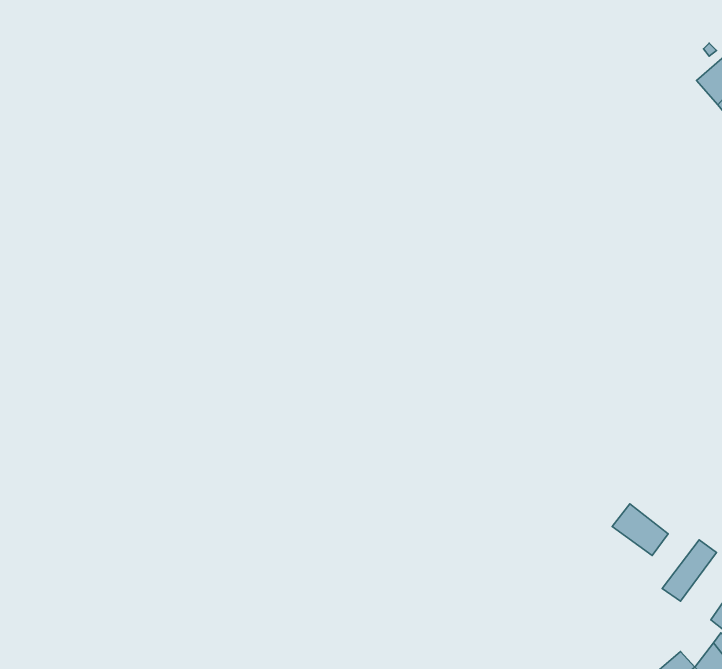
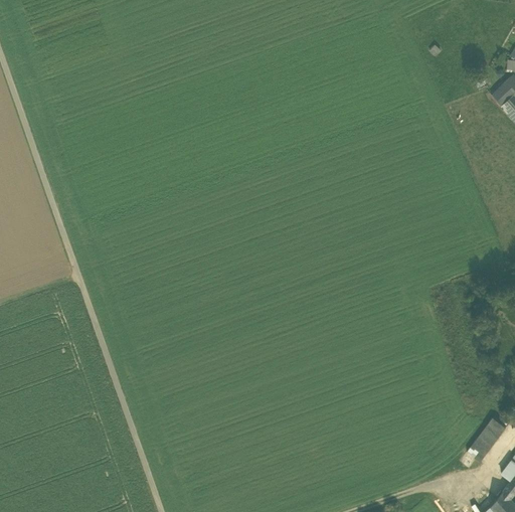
building: [612,504,668,555] -> none

